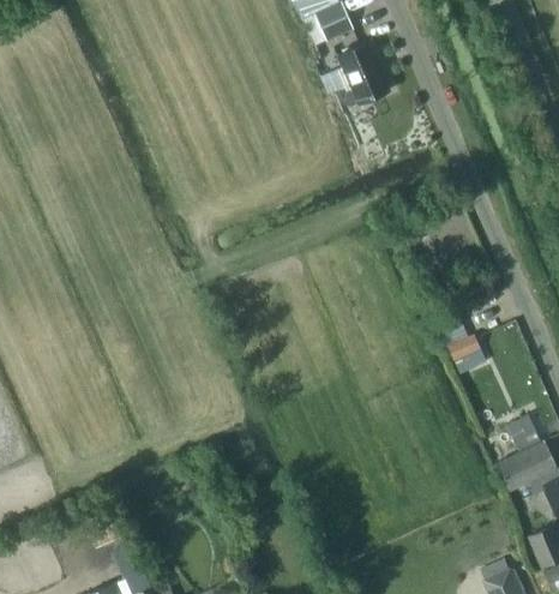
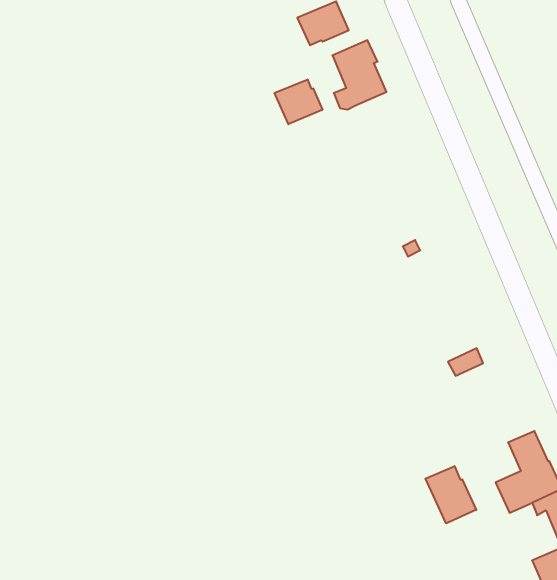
building: none -> [275,79,322,124]
building: none -> [425,466,476,523]

